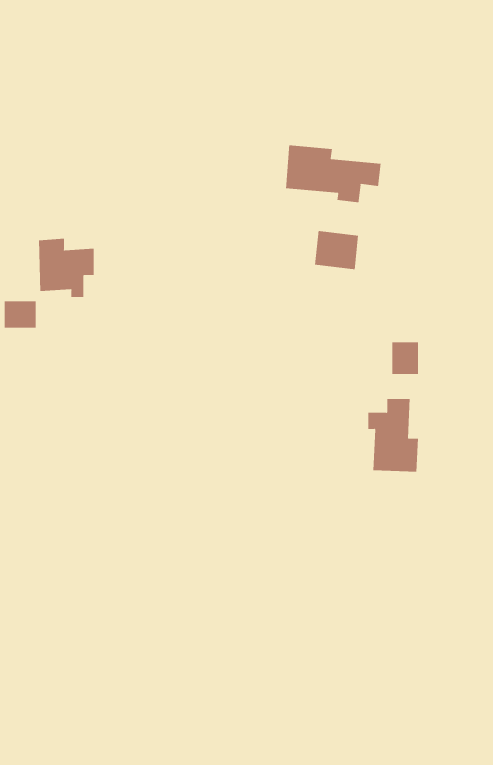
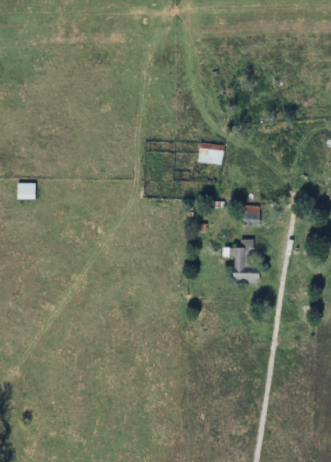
building: [286,145,381,203] -> none
building: [39,238,94,298] -> none

